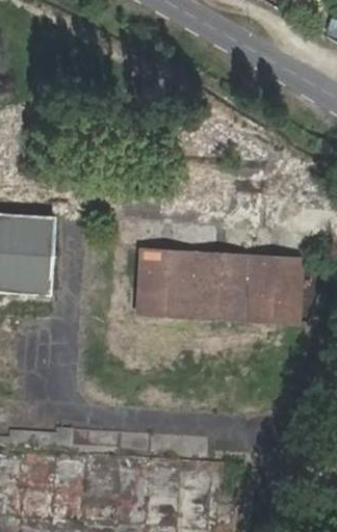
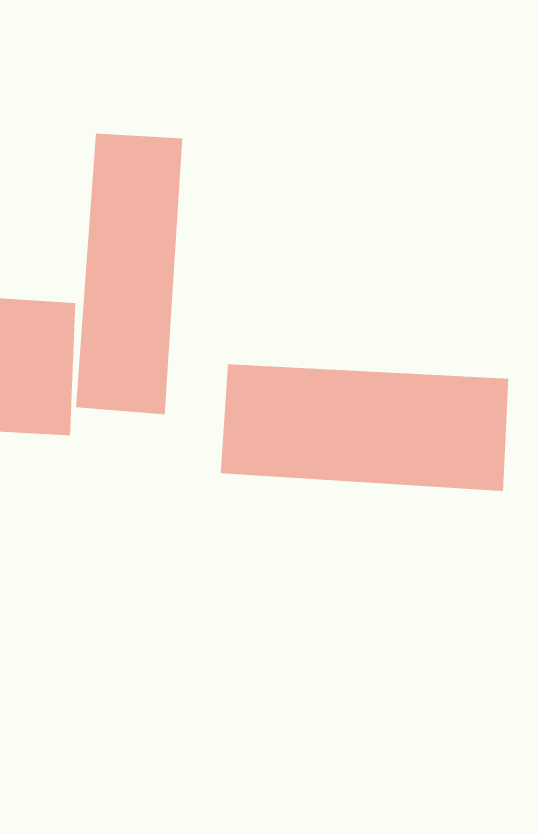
building: none -> [75,133,183,415]

